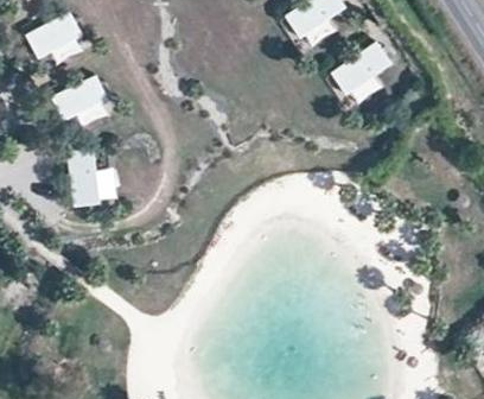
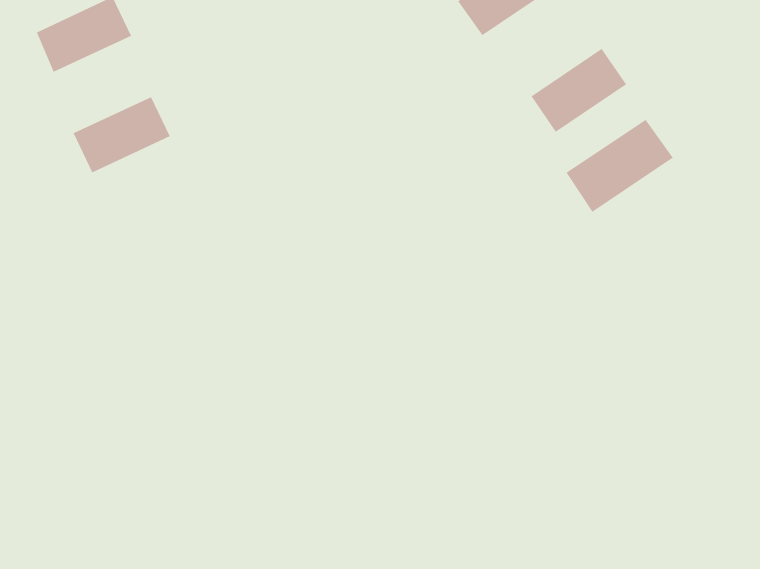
building: none -> [565,119,674,213]
building: [69,151,101,205] -> none

